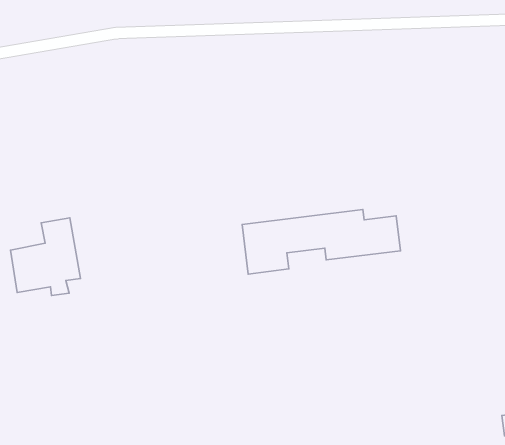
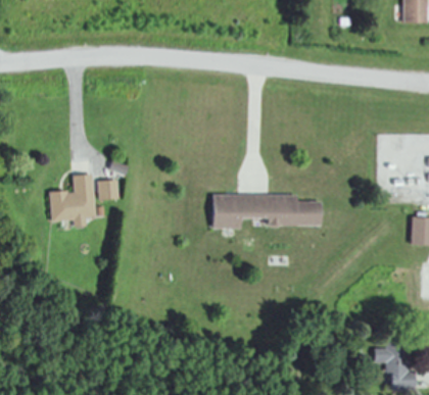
building: none -> [98,180,118,199]

